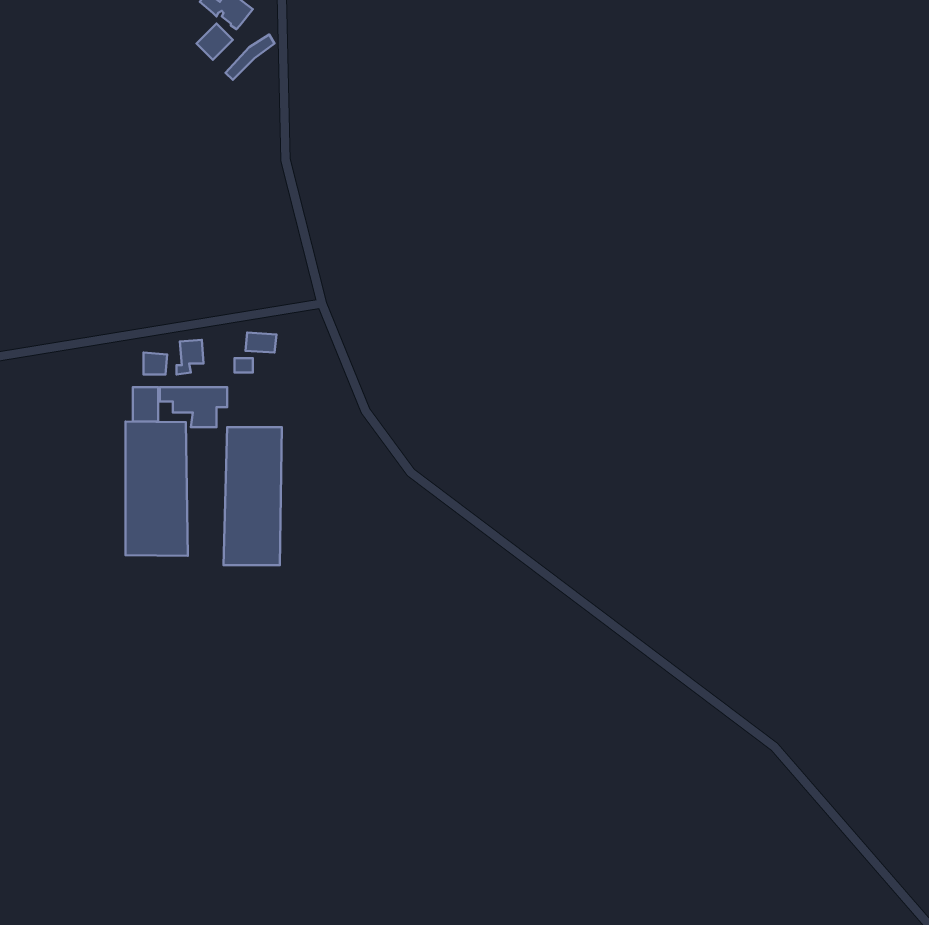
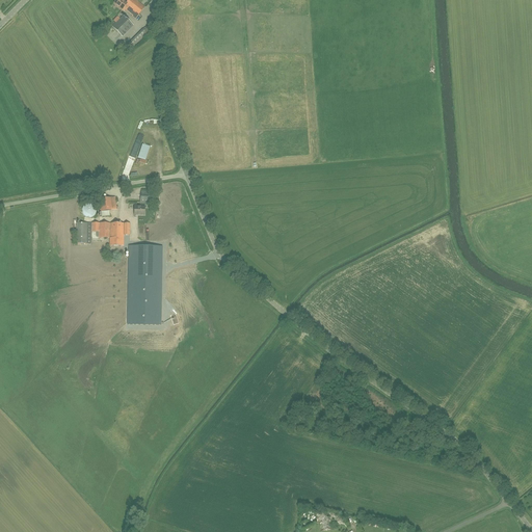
building: [125,422,188,556] -> none

